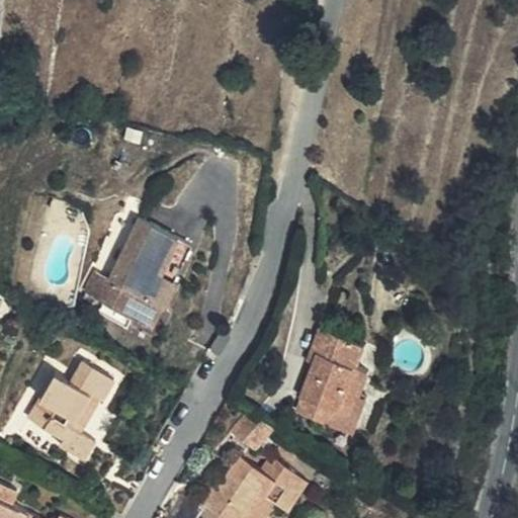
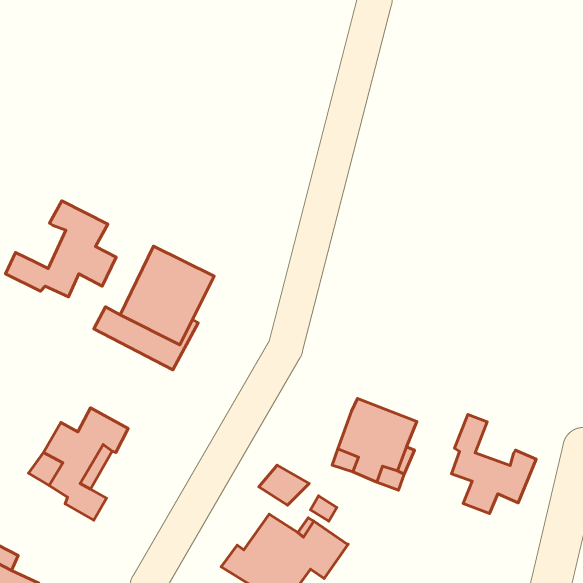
building: none -> [5,201,116,297]
building: [305,330,363,369] -> none
building: none -> [451,415,536,514]

